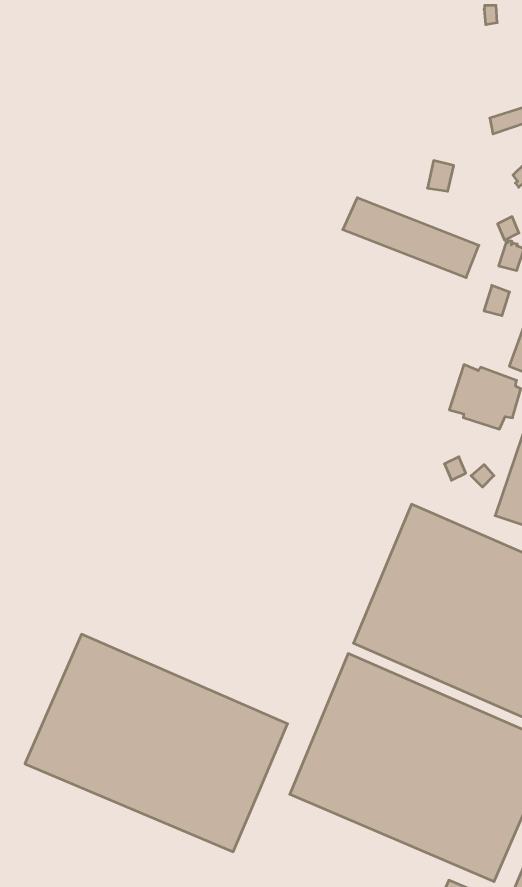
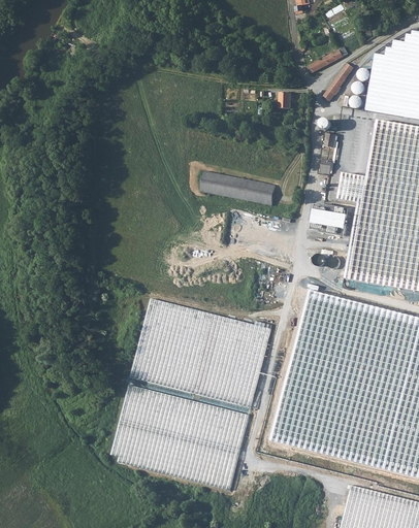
building: [343,198,479,278] -> [200,170,276,204]
building: none -> [131,298,269,406]

